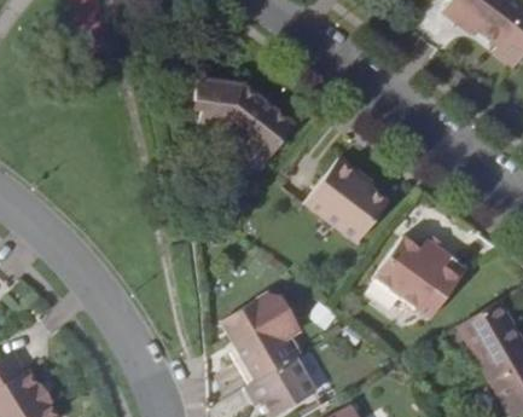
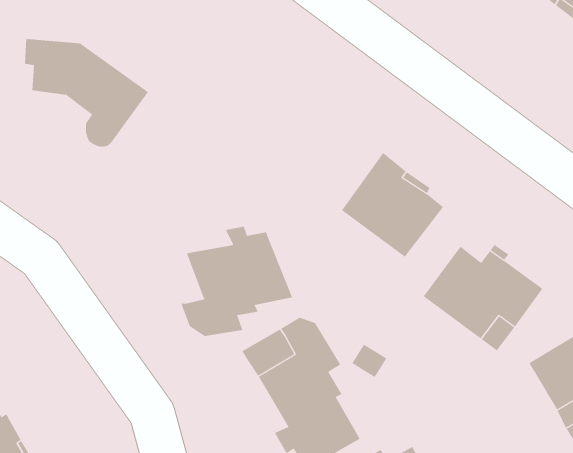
building: [187,79,289,167] -> [24,39,149,147]
building: none -> [180,226,293,337]

